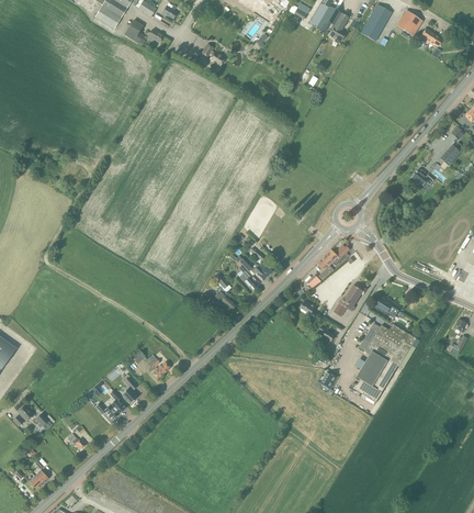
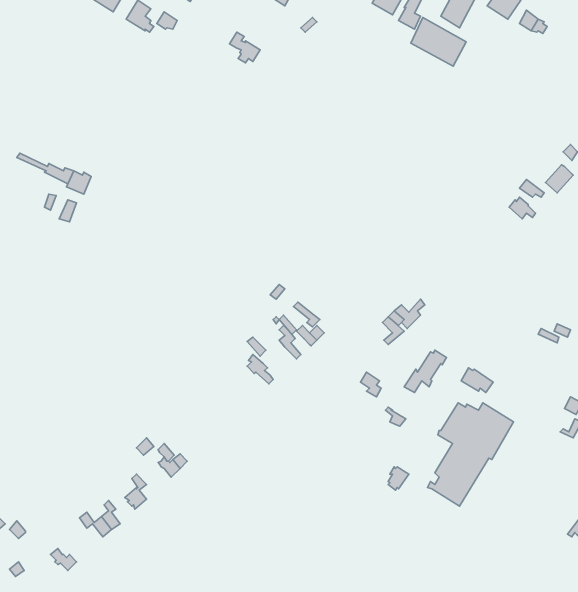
building: none -> [411,18,466,66]

